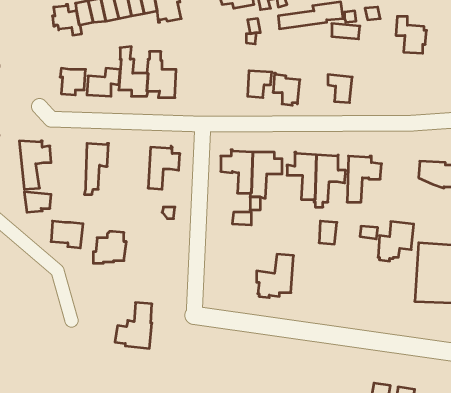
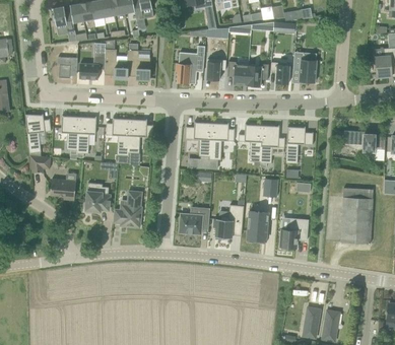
building: [396,16,427,53] -> [293,53,318,82]
building: none -> [176,46,205,83]
building: none -> [247,64,269,87]
building: none -> [61,115,79,154]
building: none -> [106,118,130,155]
building: [378,222,414,261] -> [280,218,309,250]
building: none -> [180,207,210,234]
building: none -> [248,213,269,243]
building: [115,303,152,348] -> [113,191,142,227]

